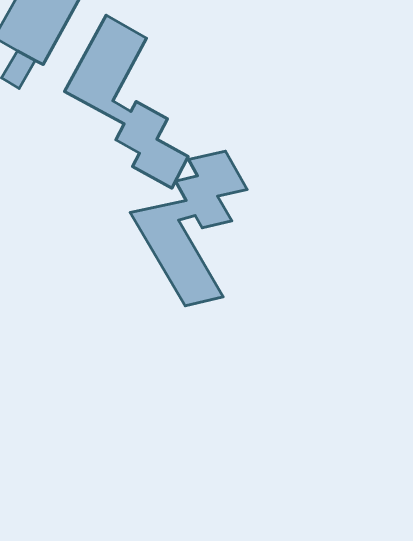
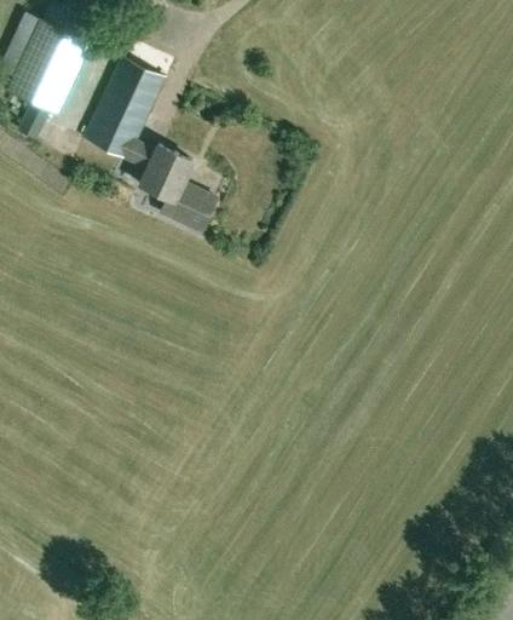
building: [130,151,247,306] -> none

